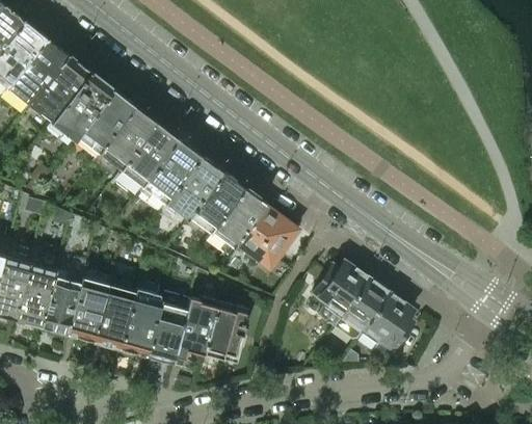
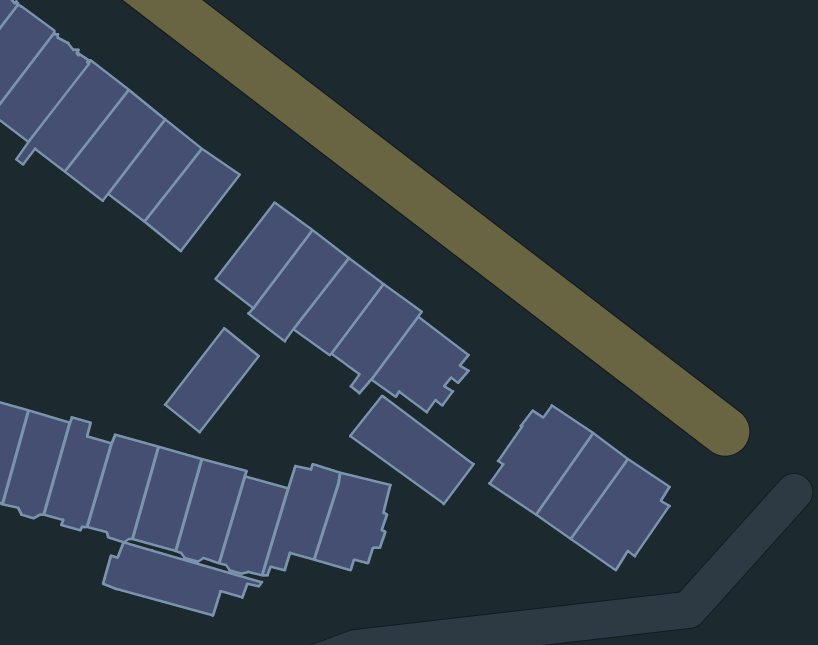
building: [123,123,179,185] -> [165,328,259,432]
building: none -> [350,396,474,504]
building: none -> [103,542,262,616]

